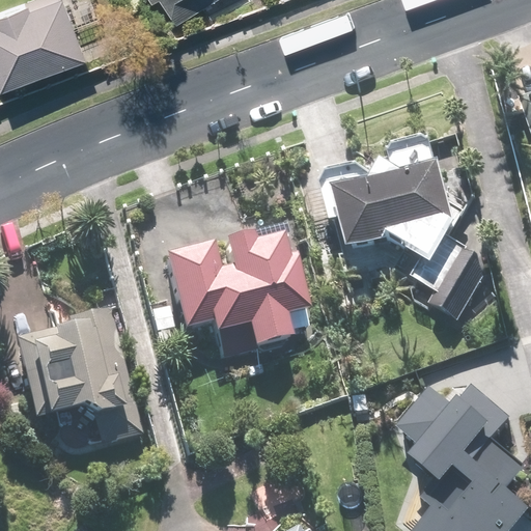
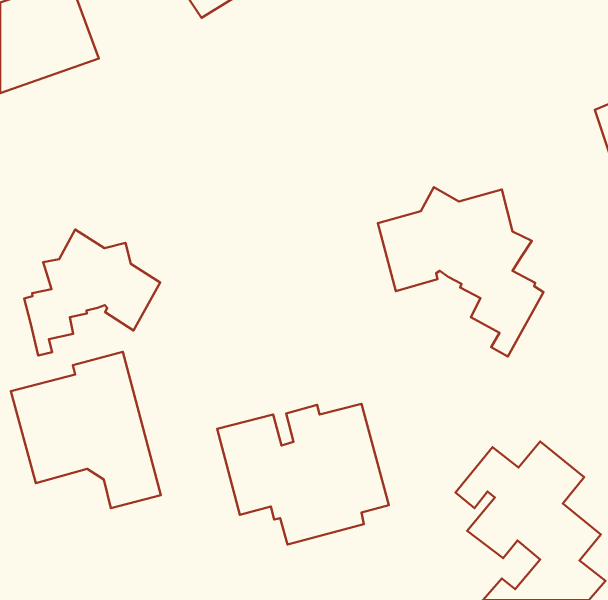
building: none -> [24,230,160,356]
building: [159,234,308,357] -> [217,404,389,545]

